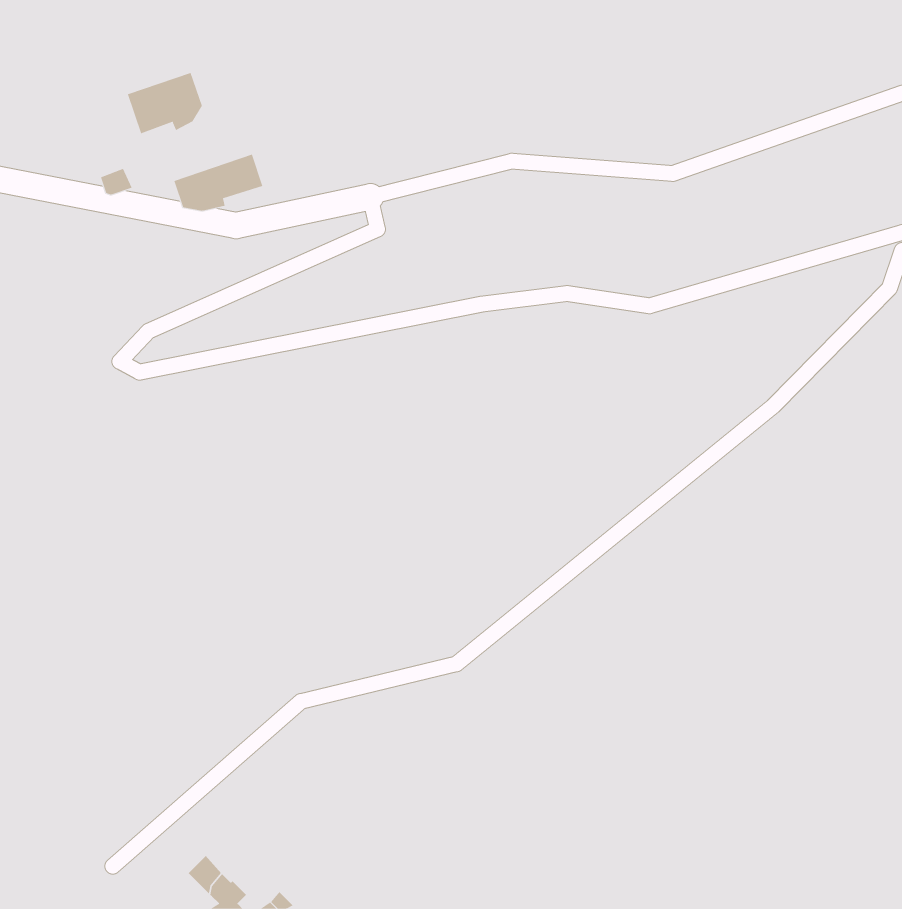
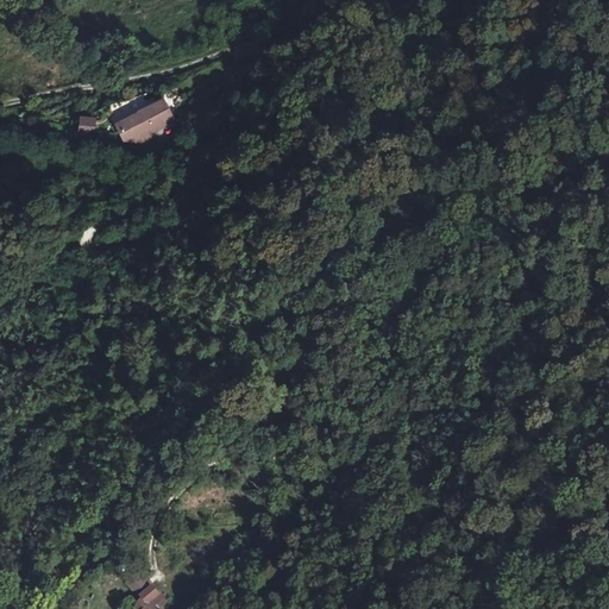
building: [127,72,202,134] -> none

